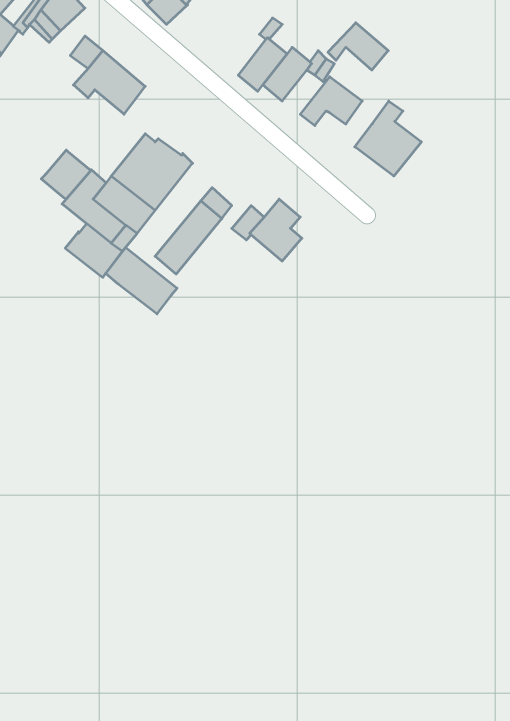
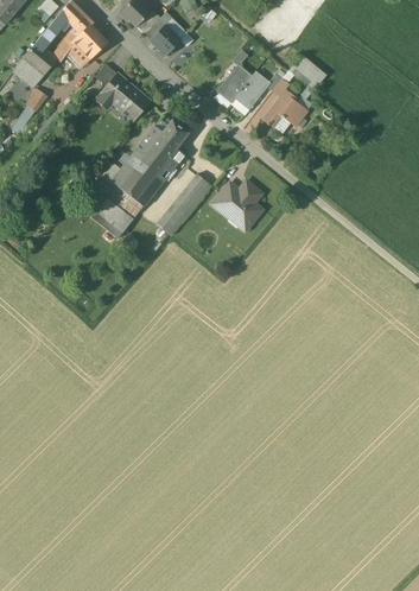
building: [355,101,421,176] -> none
building: none -> [150,119,189,148]
building: [41,150,91,199] -> none
building: [106,248,177,314] -> none

